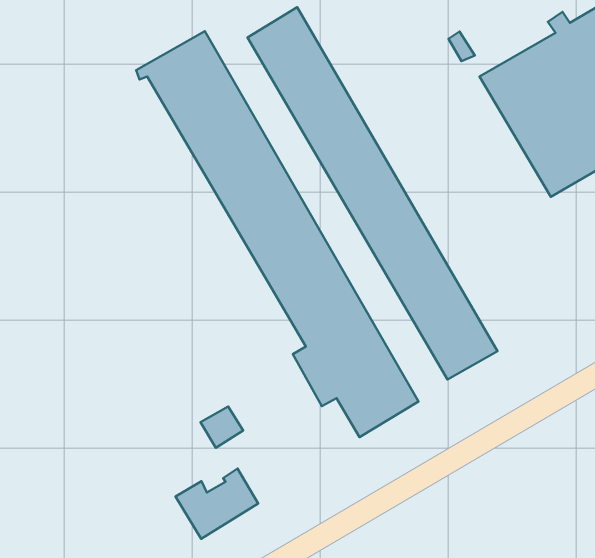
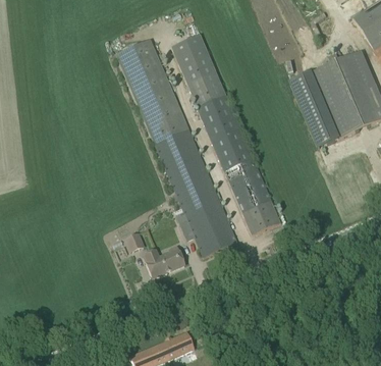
building: [176,468,258,539] -> [142,246,183,279]

